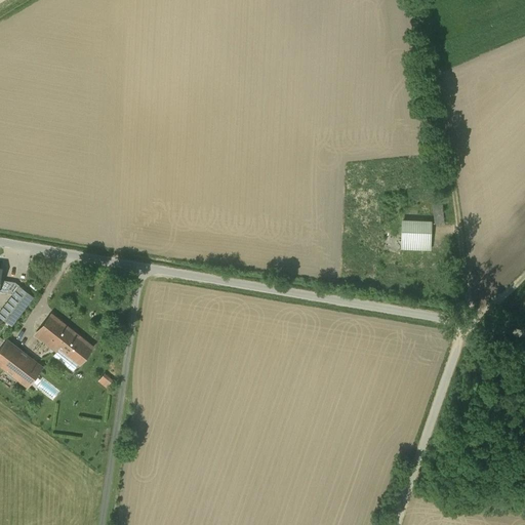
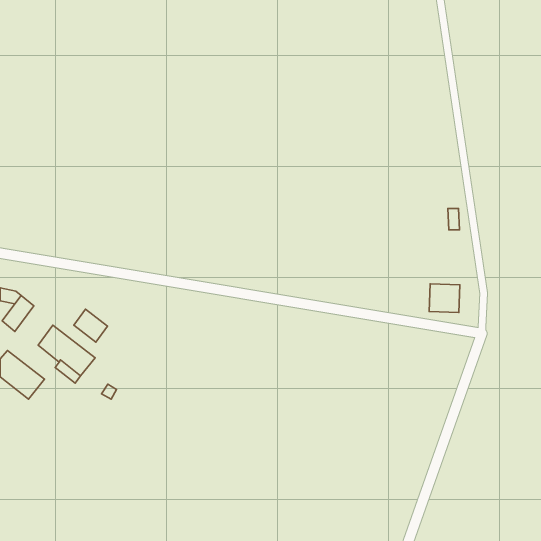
building: [400,224,430,251] -> [429,284,460,312]
building: none -> [74,309,107,342]

